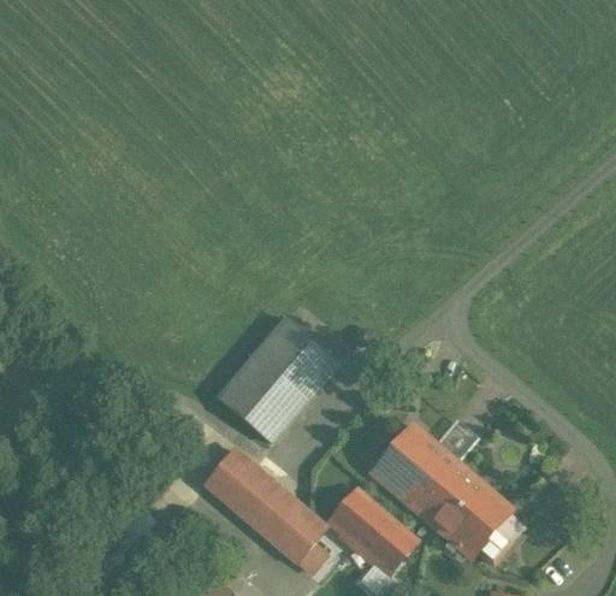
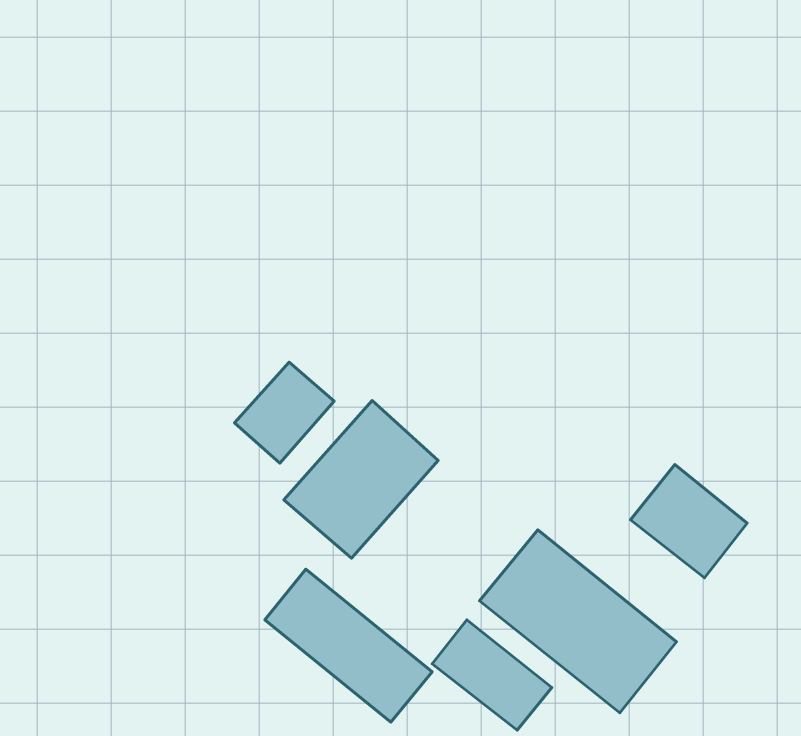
building: none -> [235,362,334,463]
building: none -> [631,464,747,578]

